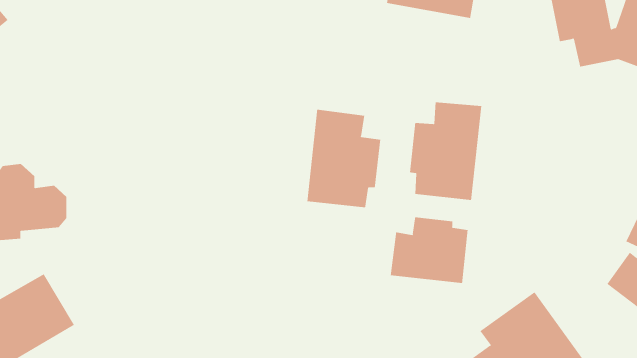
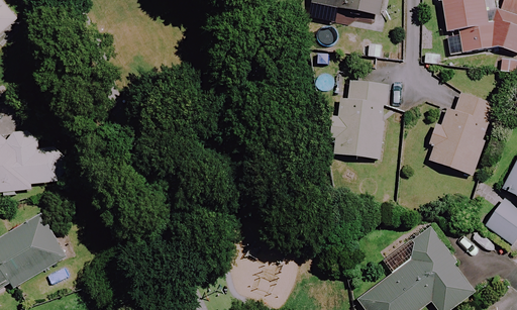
building: [307,109,381,208] -> none
building: none -> [427,92,495,174]
building: [390,217,468,284] -> none

